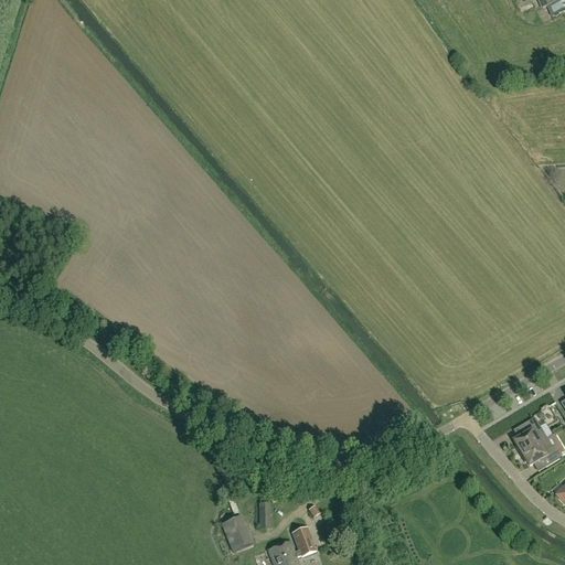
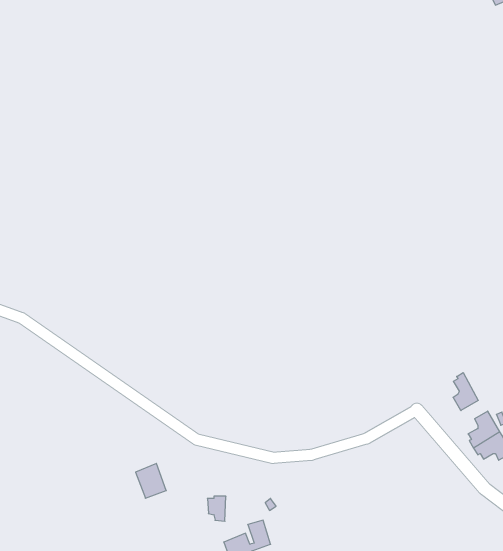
building: none -> [453,373,478,411]
building: [222,514,253,550] -> [136,463,166,498]

